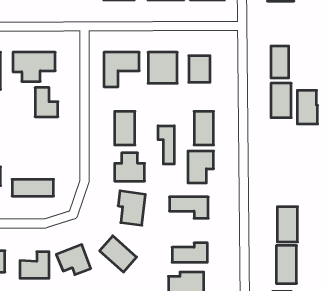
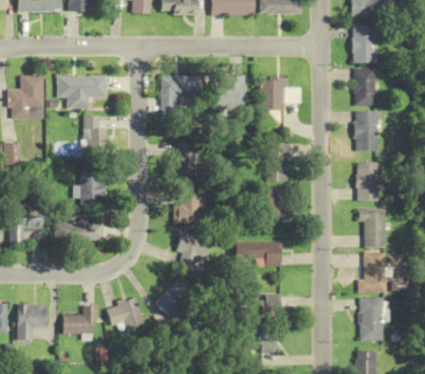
building: none -> [351,24,374,62]
building: [297,90,318,124] -> [356,162,379,201]
building: [158,126,174,164] -> none
building: none -> [81,167,103,205]
building: none -> [357,209,384,247]

